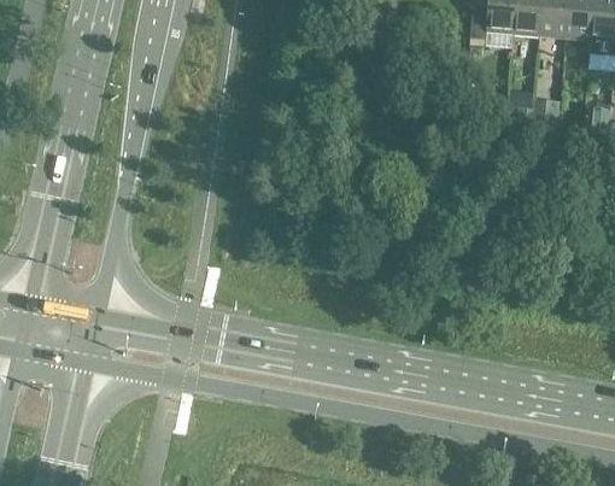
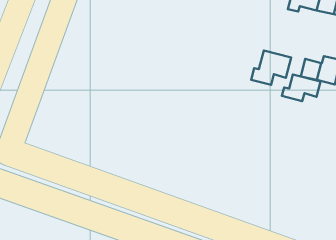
building: none -> [251,50,291,85]
building: none -> [282,74,321,101]

